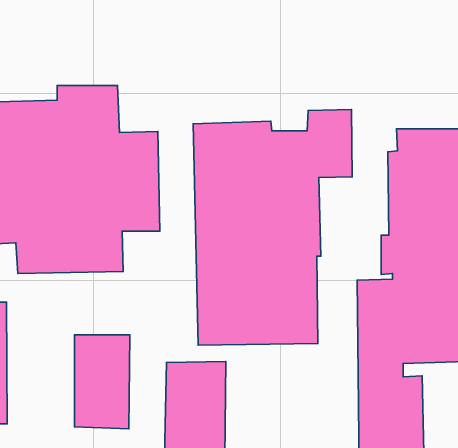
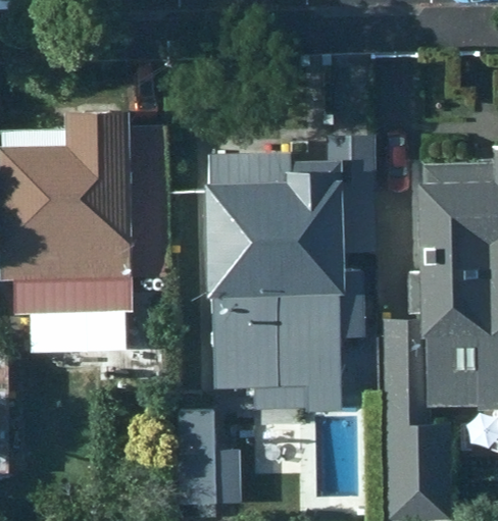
building: [75,335,130,429] -> none

